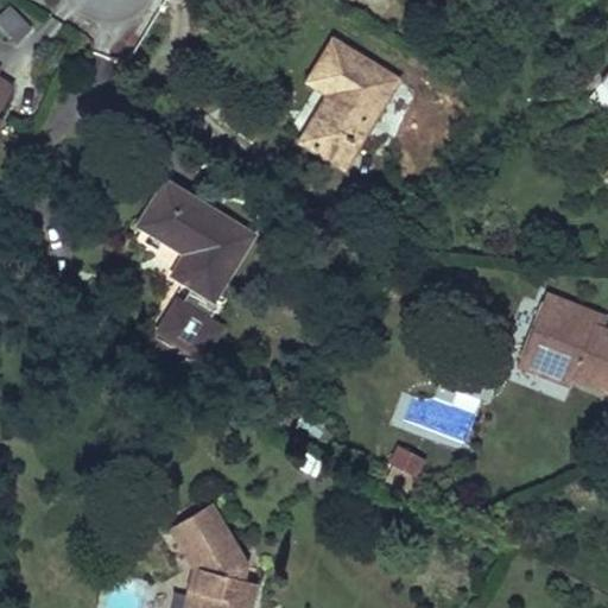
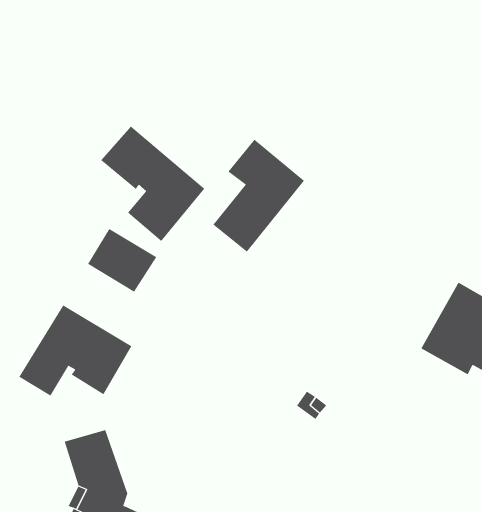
building: [312,46,401,165] -> [213,139,305,253]
building: none -> [18,304,132,396]

